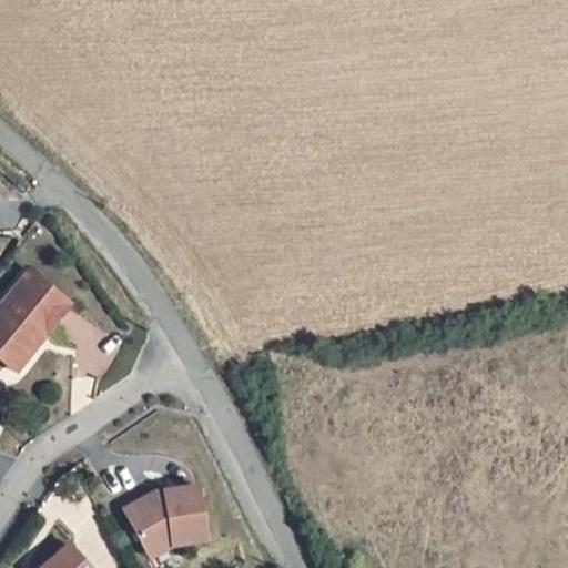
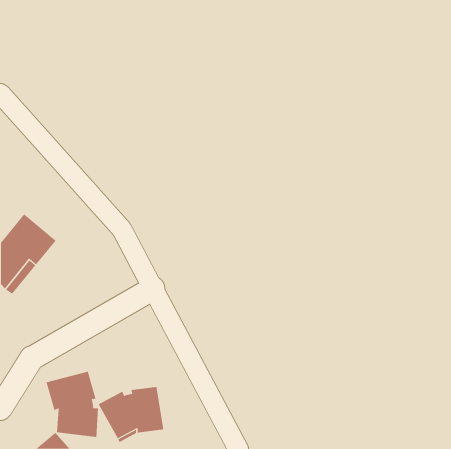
building: none -> [46,371,99,438]

